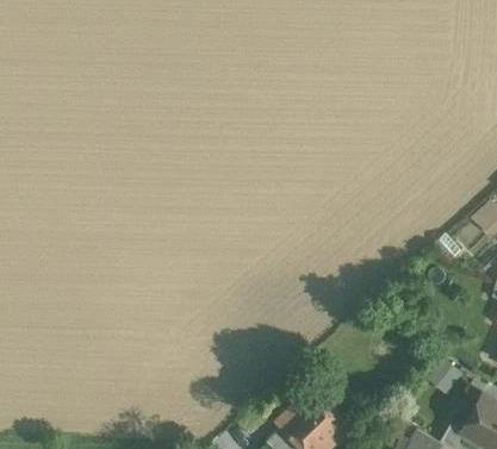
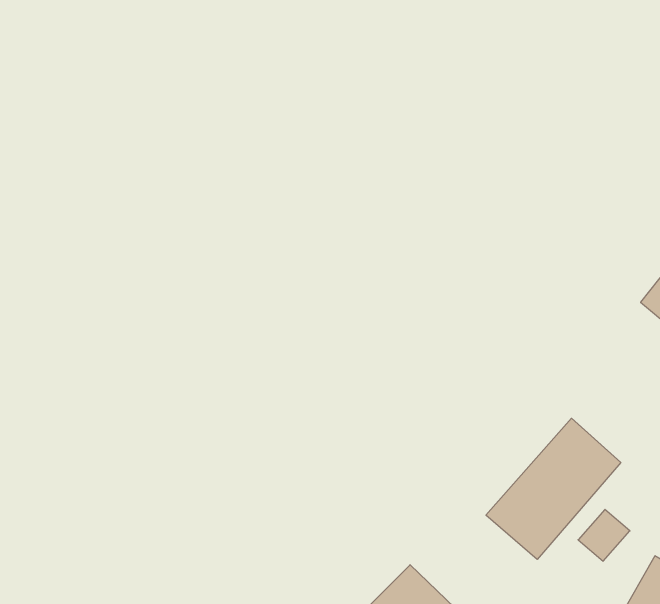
building: none -> [486,418,621,559]

